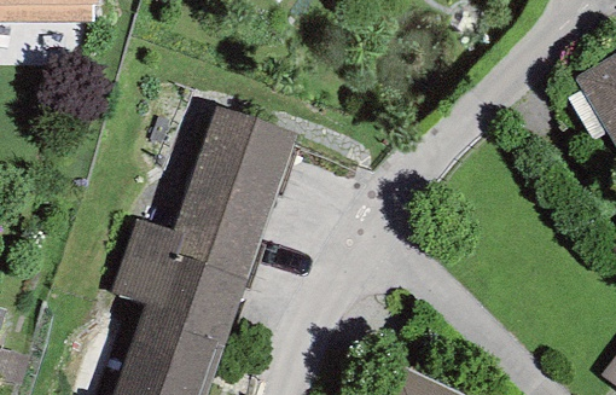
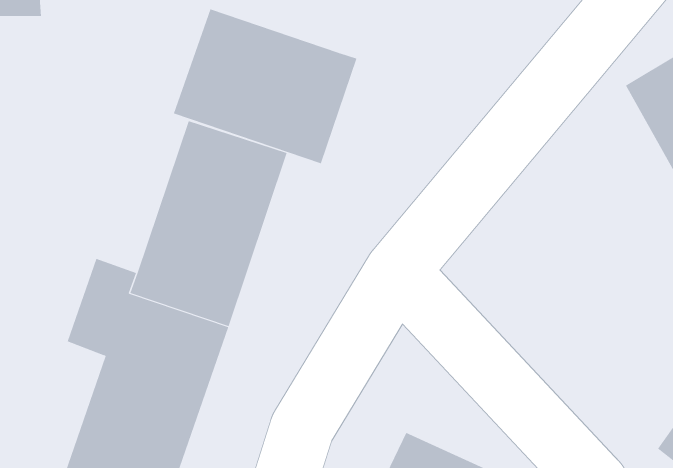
building: none -> [173,9,357,164]

